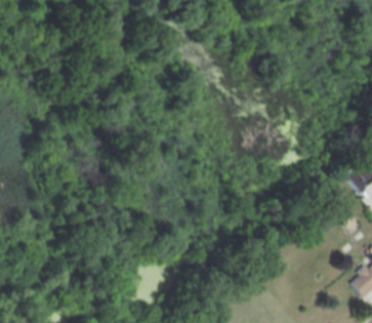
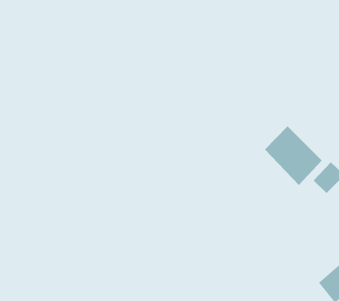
building: none -> [264,126,323,186]

